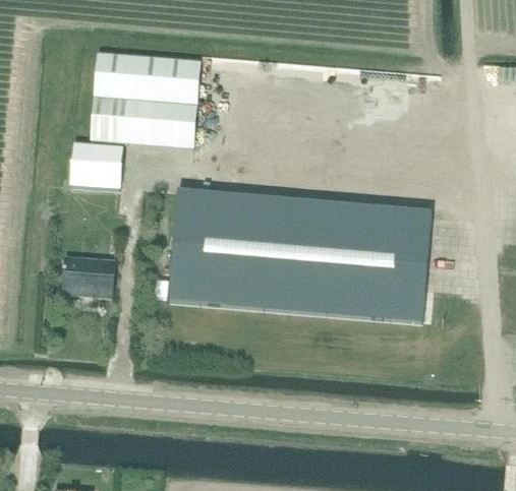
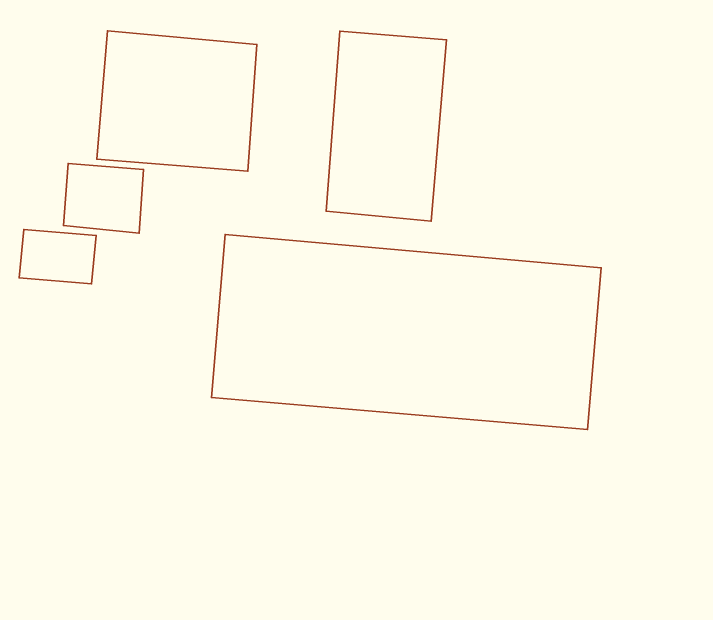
building: none -> [326,31,447,221]
building: [63,259,115,296] -> [19,229,96,284]

